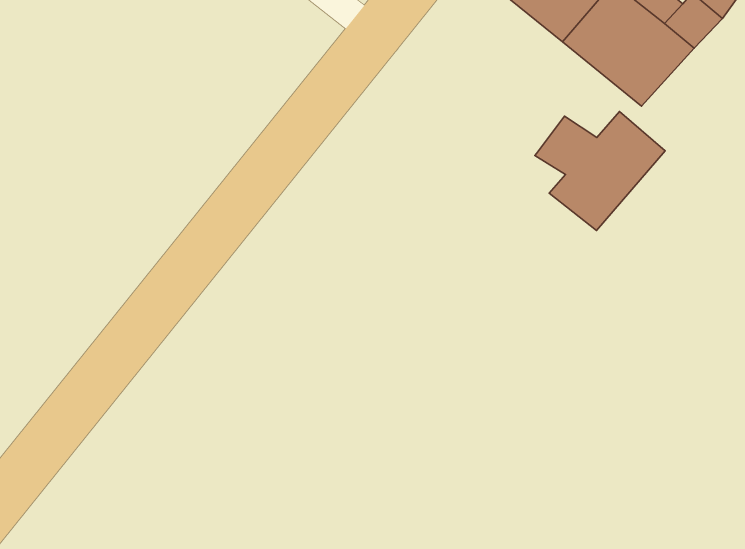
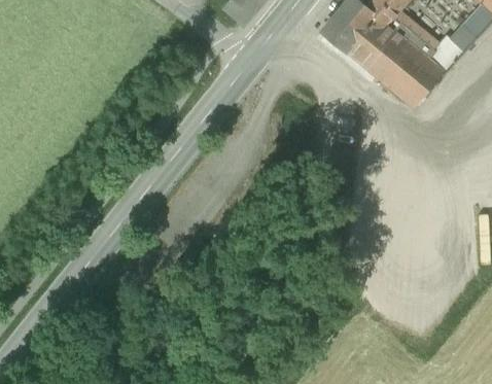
building: [535,112,665,230] -> none

